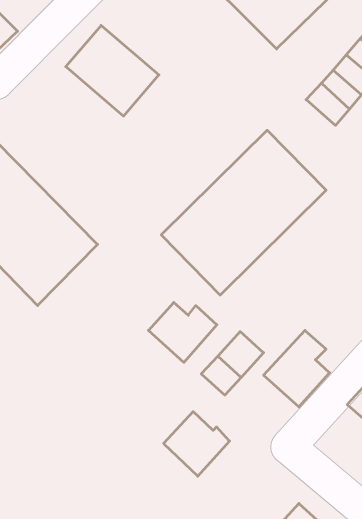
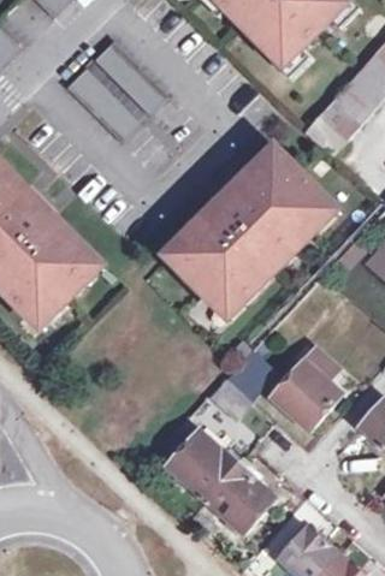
building: [148,302,217,362] -> none
building: none -> [206,465,273,535]

